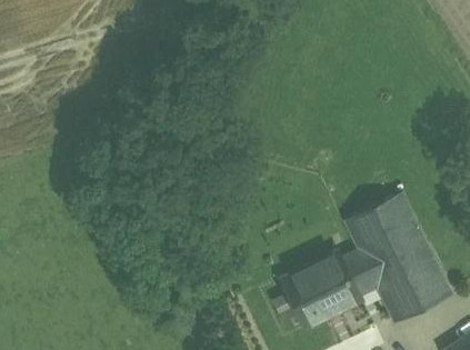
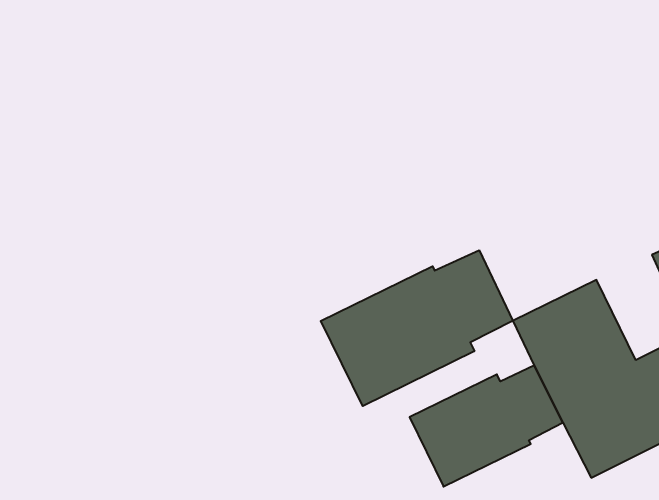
building: none -> [321,250,513,406]

